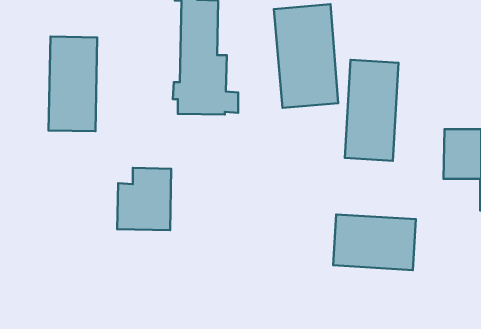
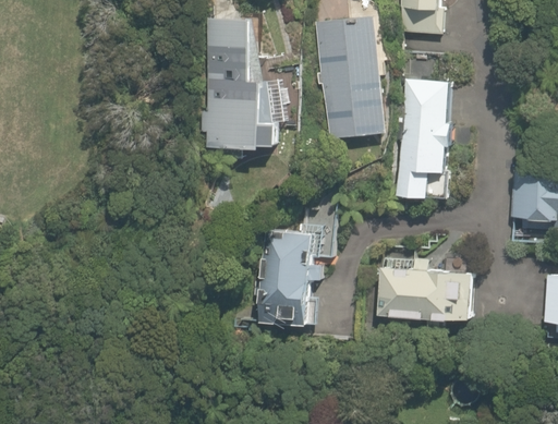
building: [49,37,97,131] -> none
building: [117,168,171,230] -> [258,237,319,307]

